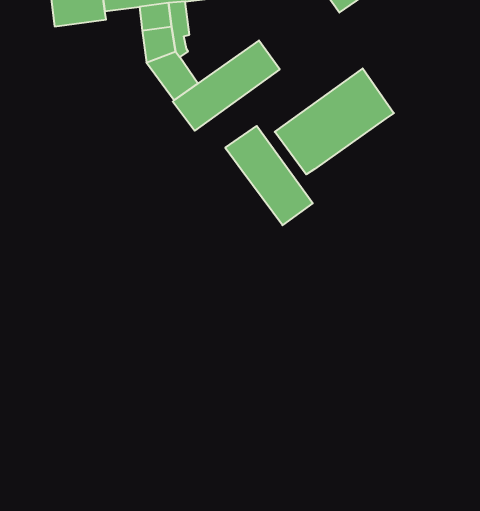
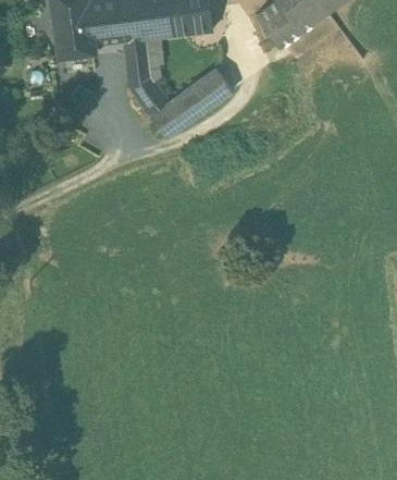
building: [275,68,394,174] -> none
building: [225,126,313,225] -> none

